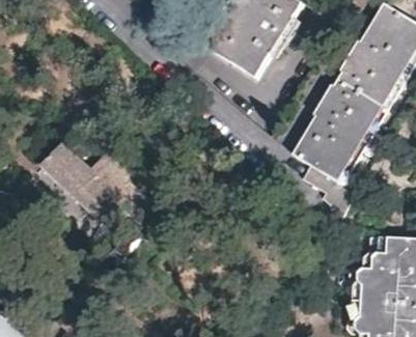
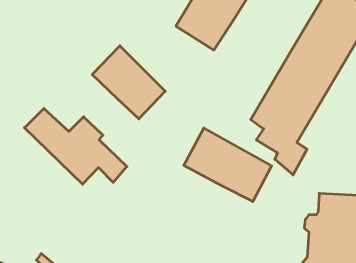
building: none -> [92,46,165,119]
building: none -> [184,128,272,202]

